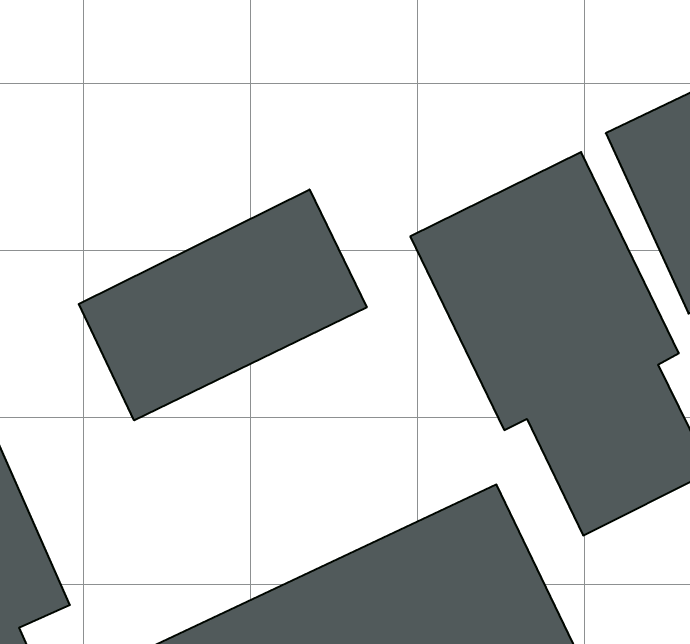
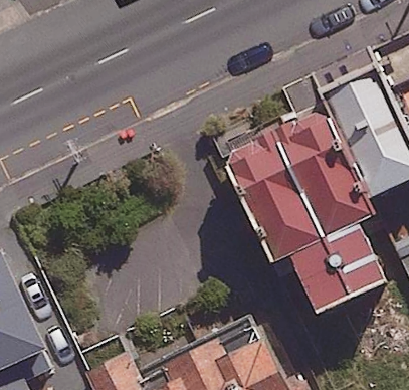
building: [79,189,367,420] -> none

